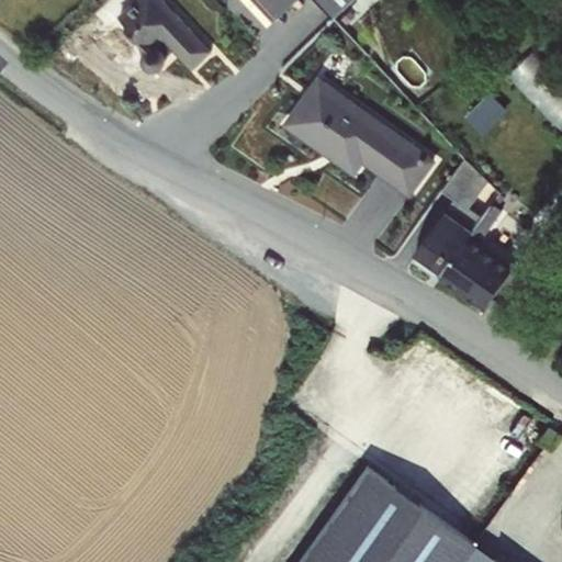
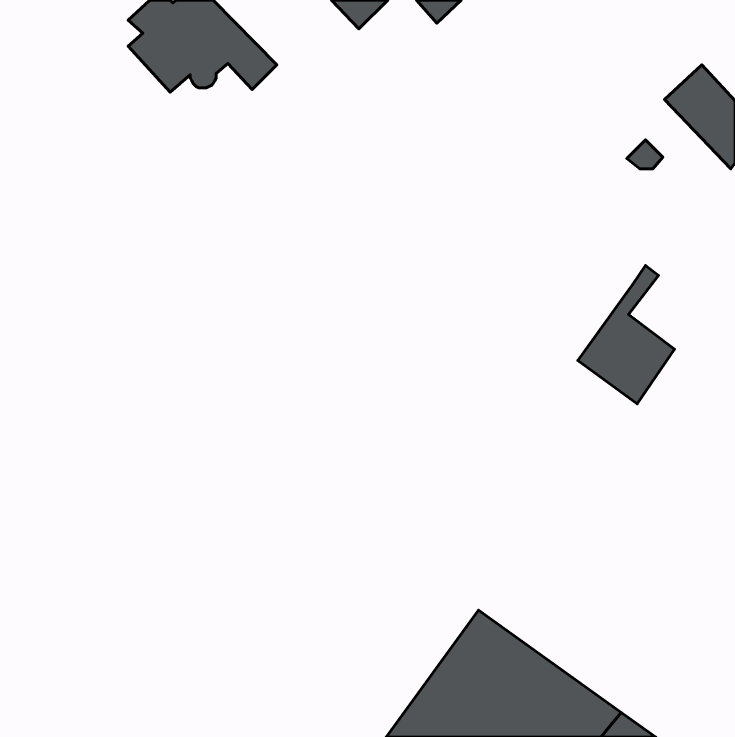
building: [286,76,437,196] -> none
building: [411,158,487,288] -> none

